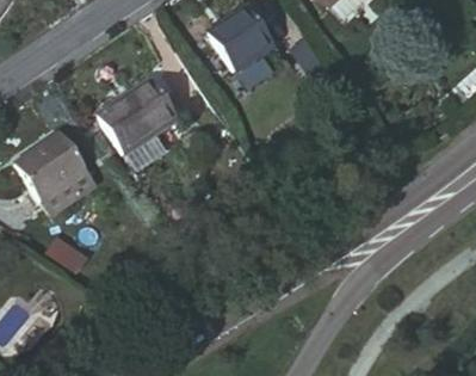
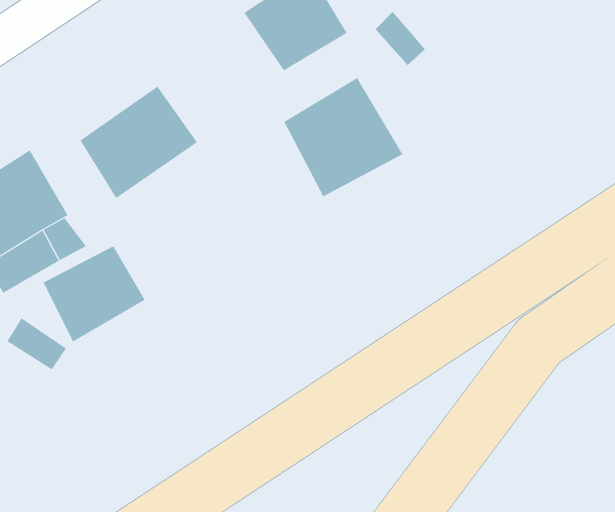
building: none -> [283,77,403,197]
building: none -> [43,245,145,343]

